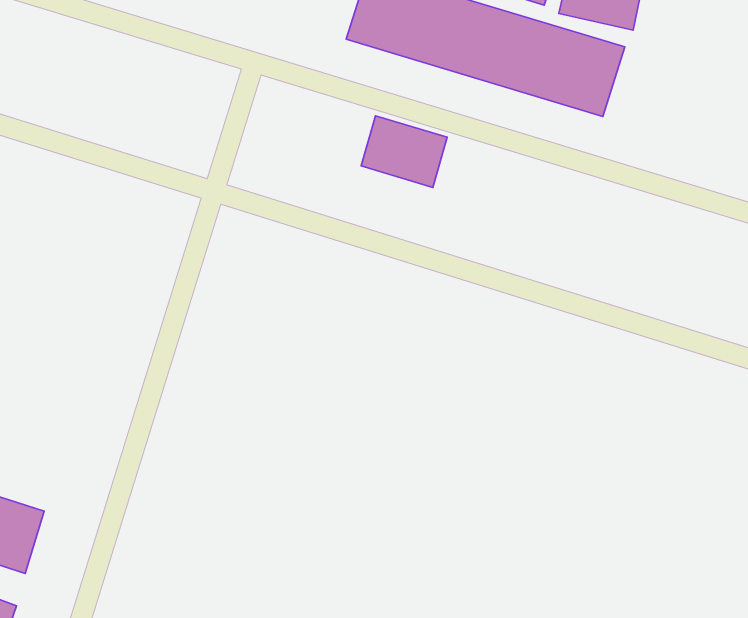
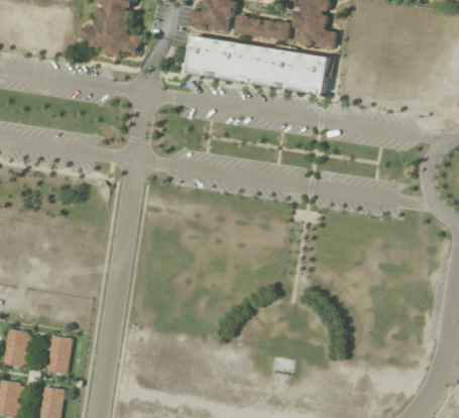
building: [361,116,447,187] -> none

